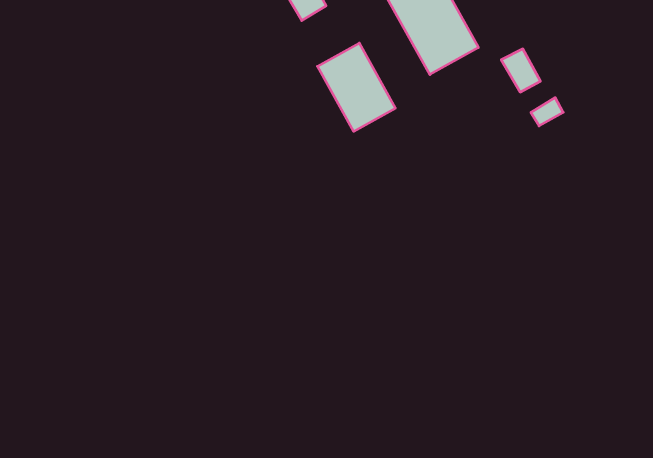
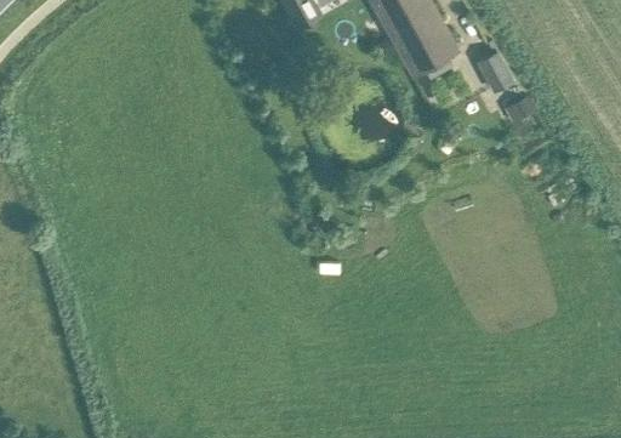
building: [317,43,395,131] -> none

